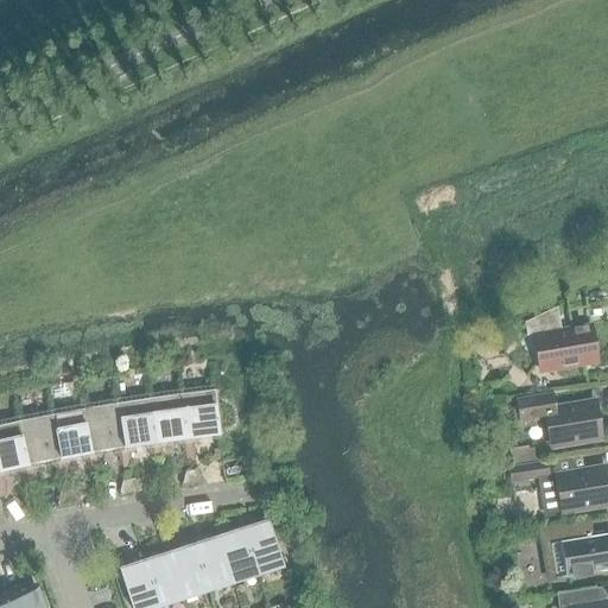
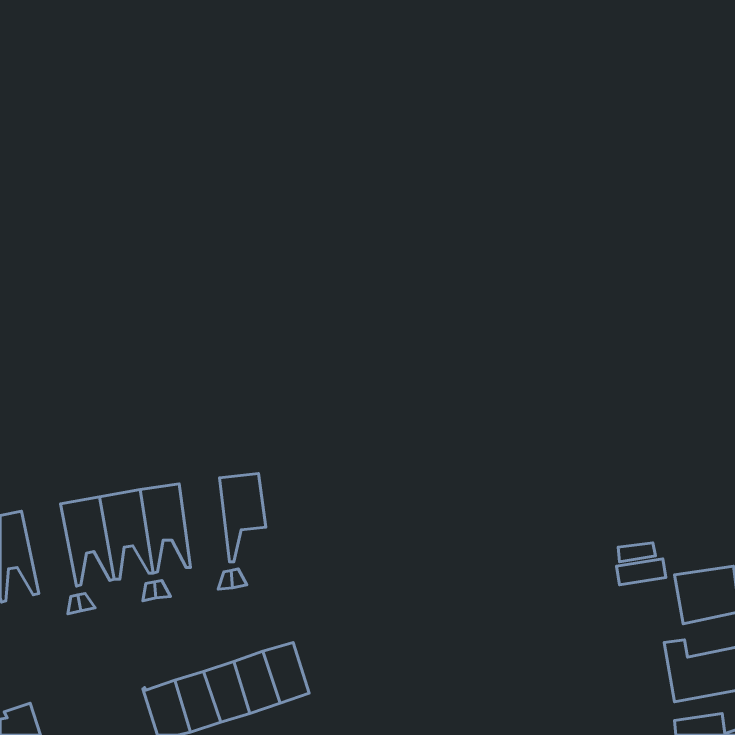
building: [526,306,597,370] -> none
building: [518,391,601,446] -> none
building: [150,393,191,467] -> none
building: [20,414,65,488] -> none
building: [243,518,283,570] -> none

